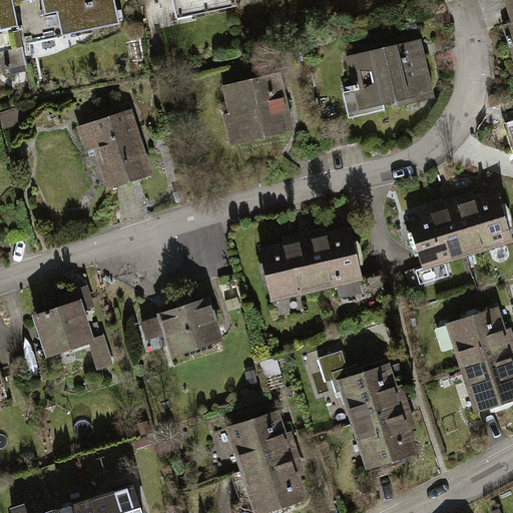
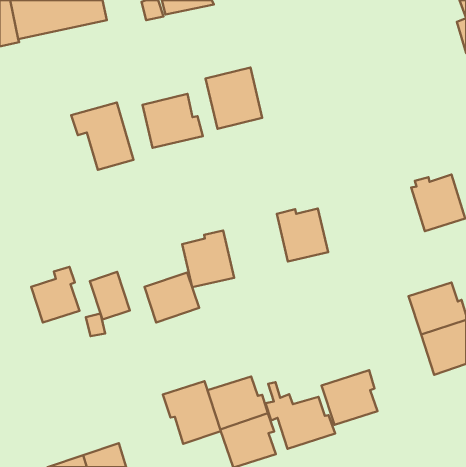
building: [342,44,428,103] -> none
building: none -> [142,94,203,148]
building: [407,202,466,267] -> none
building: [259,234,316,297] -> [182,230,234,287]
building: none -> [90,272,130,319]
building: [329,350,405,423] -> [266,382,335,449]
building: none -> [163,381,221,444]

